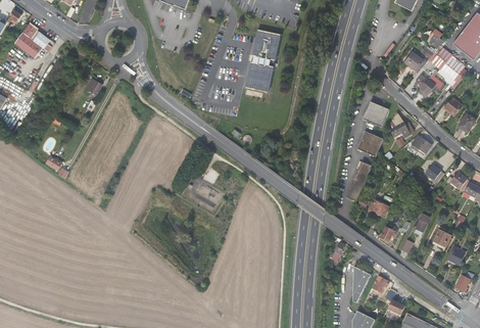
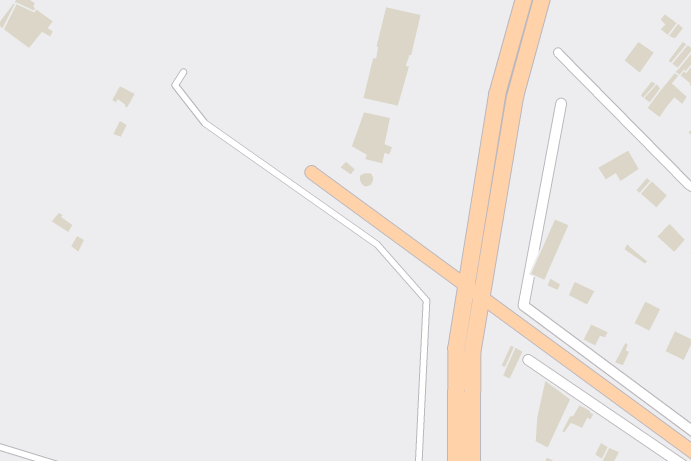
building: none -> [351,112,393,164]
building: [365,100,390,126] -> none
building: [358,130,384,157] -> none

